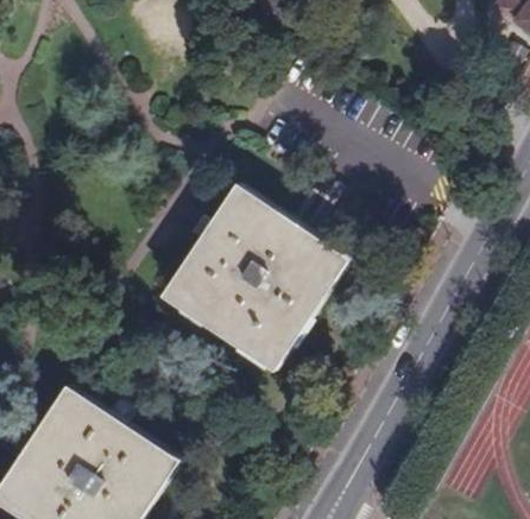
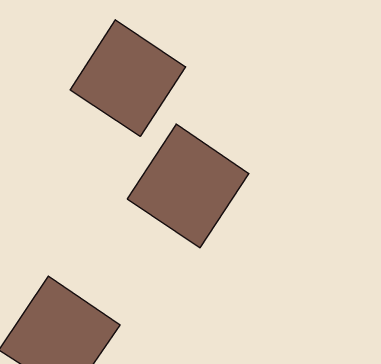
building: none -> [70,20,186,136]

